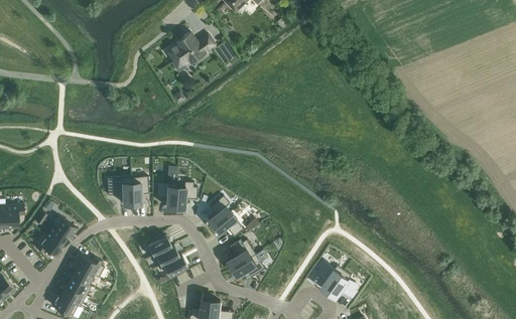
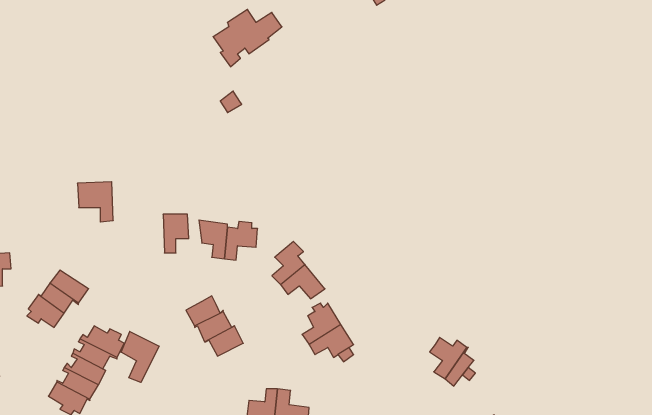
building: [106,176,131,204] -> [77,182,113,222]
building: none -> [121,331,159,382]

